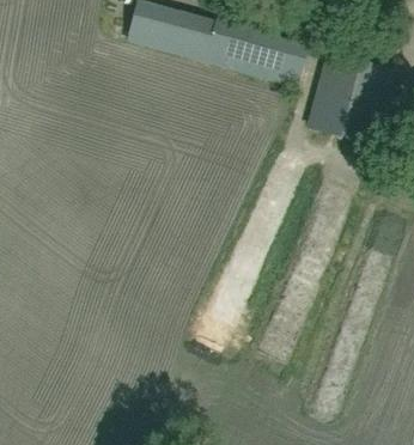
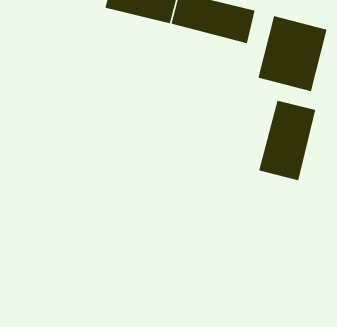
building: none -> [258,100,316,181]

